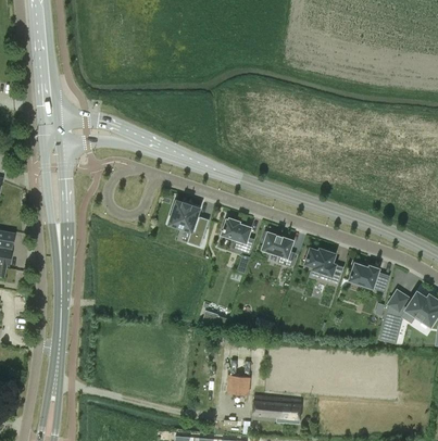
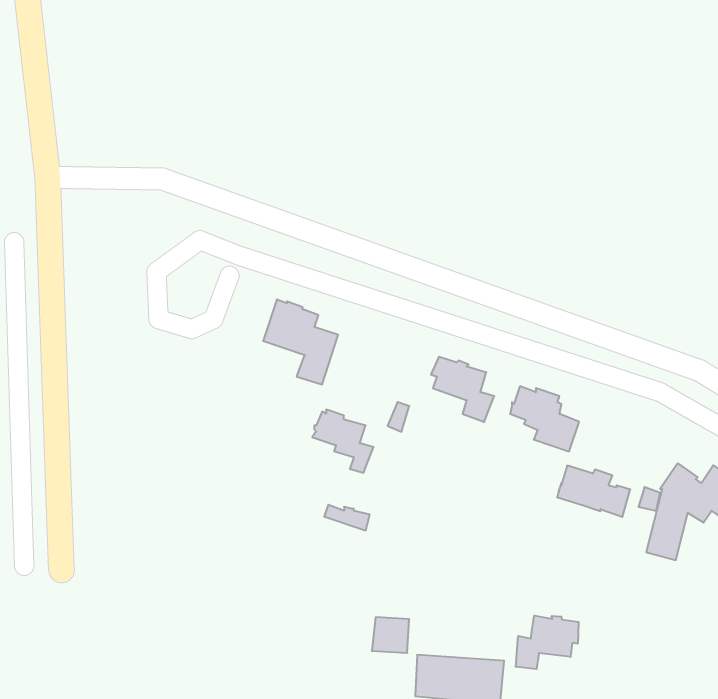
building: [221,218,254,253] -> [312,410,374,473]
building: [348,263,388,291] -> [557,466,630,517]
building: none -> [516,616,579,669]

